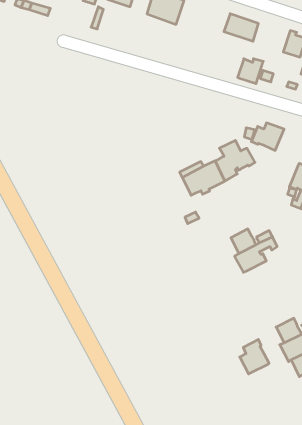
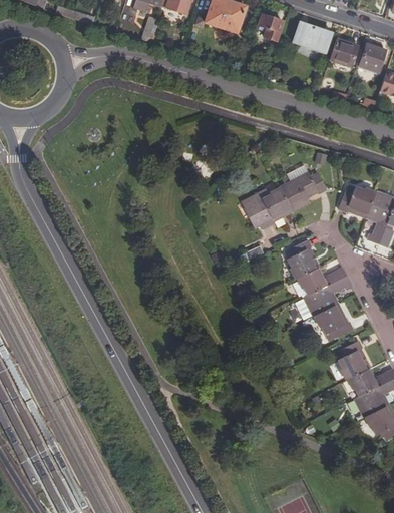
building: none -> [259,14,282,40]
building: [238,59,263,84] -> [328,39,357,67]
building: [251,123,284,150] -> [338,186,375,217]
building: none -> [288,238,320,277]
building: none -> [316,302,353,336]
building: [240,339,269,374] -> [338,339,371,378]

